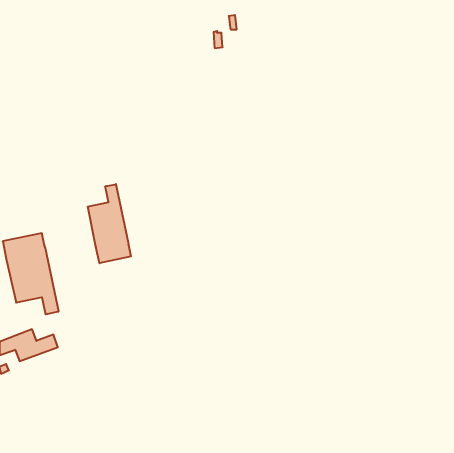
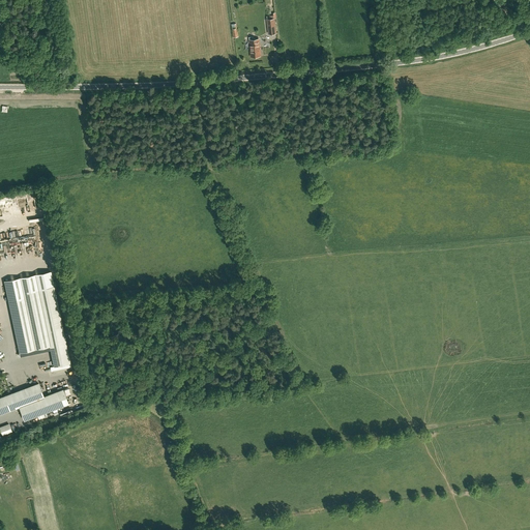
building: [88,184,131,263] -> none

